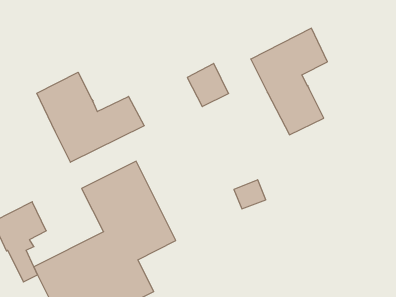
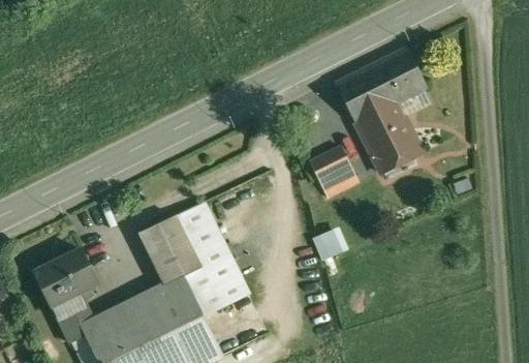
building: [187,63,229,107] -> [310,145,359,195]
building: [37,72,144,162] -> none

